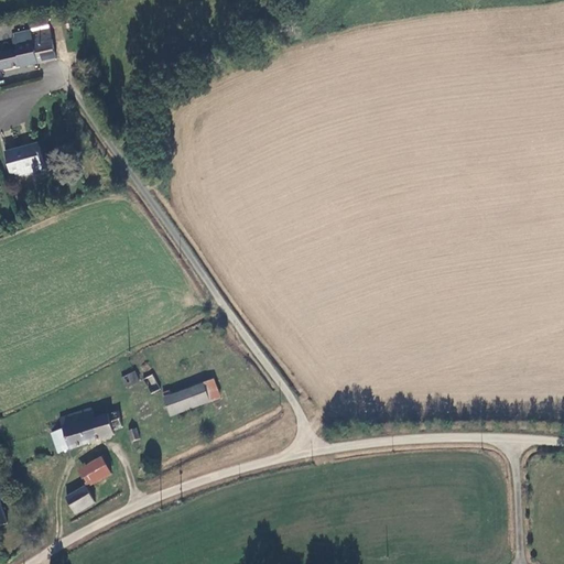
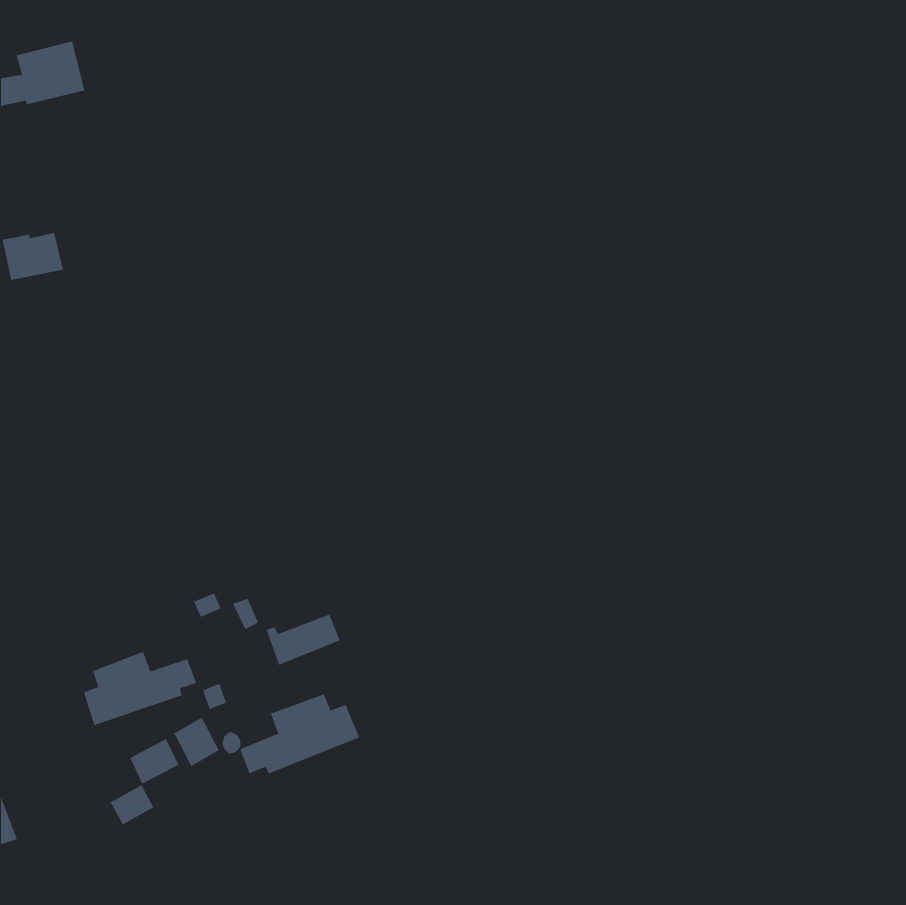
building: none -> [239,694,360,774]
building: none -> [174,717,220,767]

